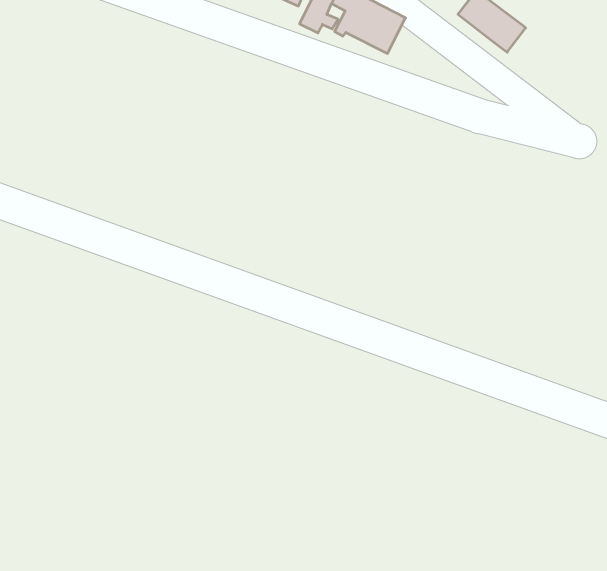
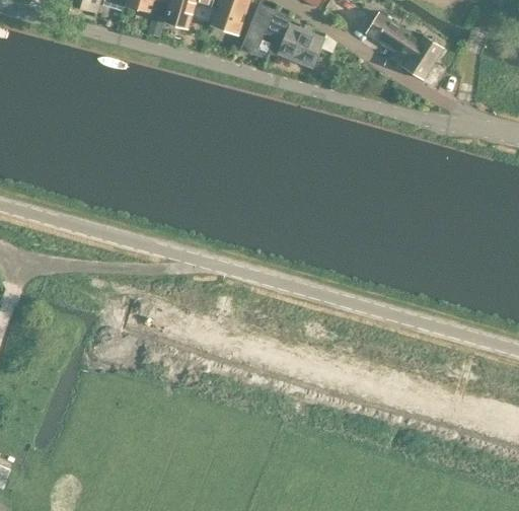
building: none -> [402,34,443,80]

